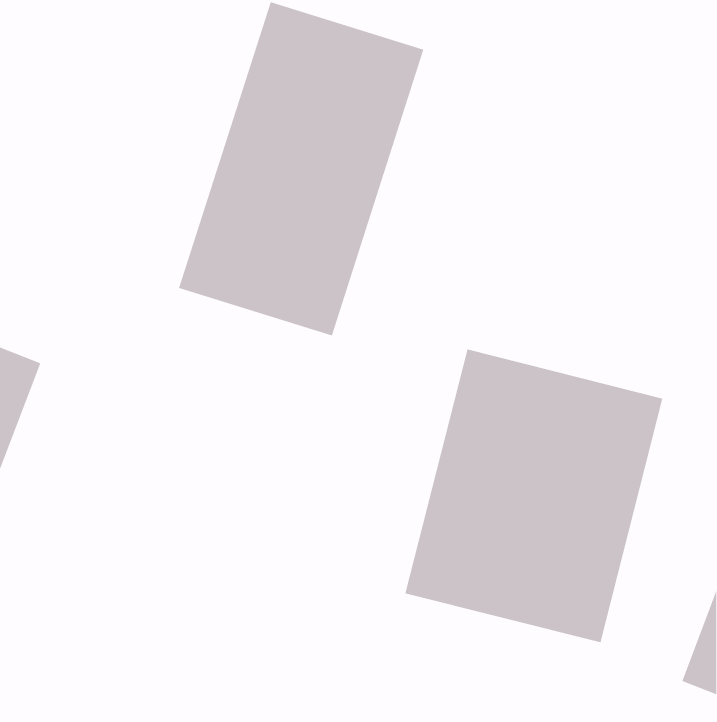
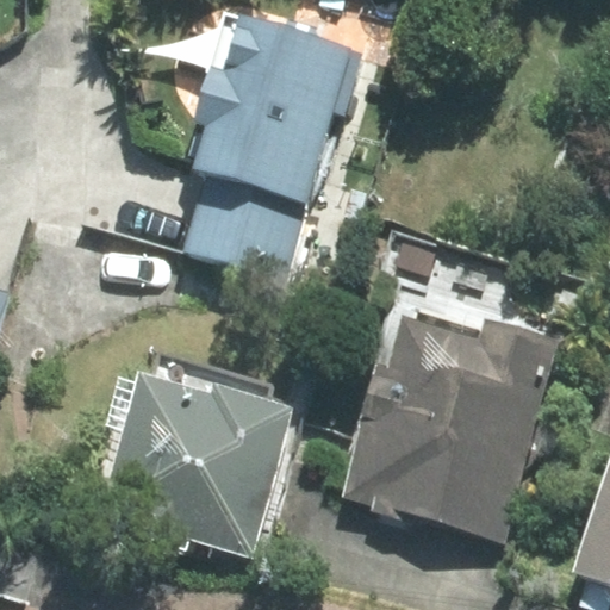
building: none -> [104,367,304,542]

